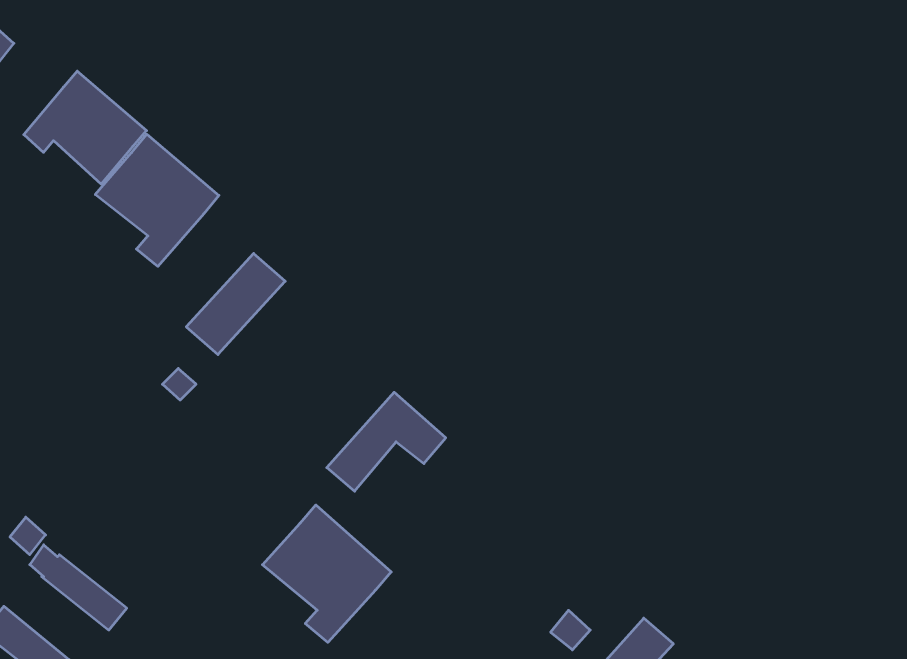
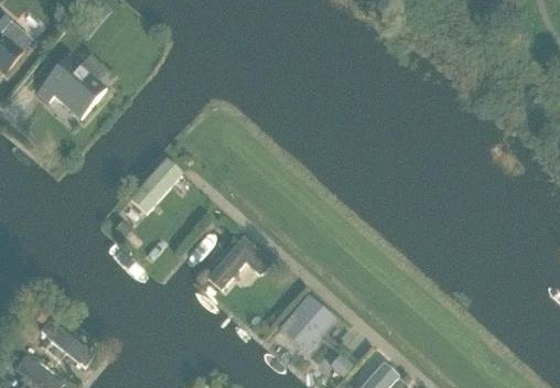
building: [95,134,219,266] -> none
building: none -> [277,294,335,353]
building: [262,505,391,642] -> none

